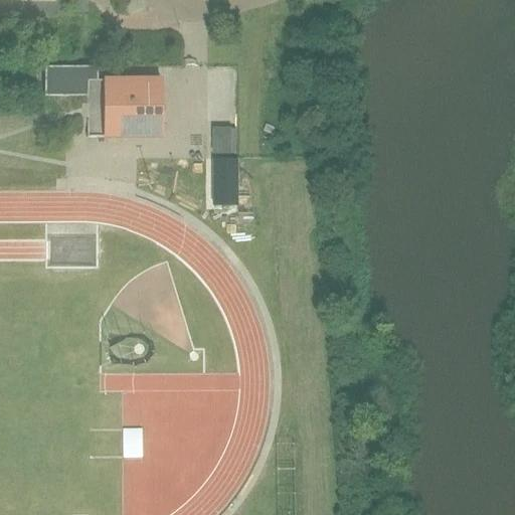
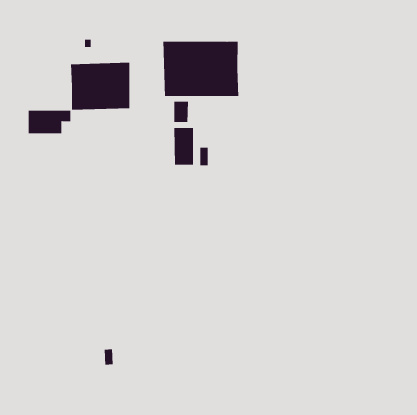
building: none -> [163,41,239,97]
building: [45,64,99,94] -> [28,110,71,134]

